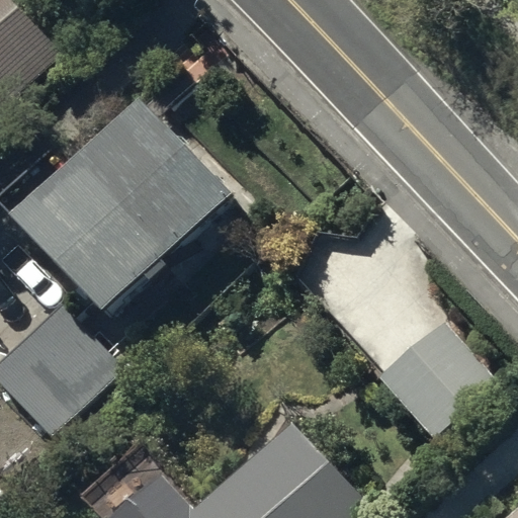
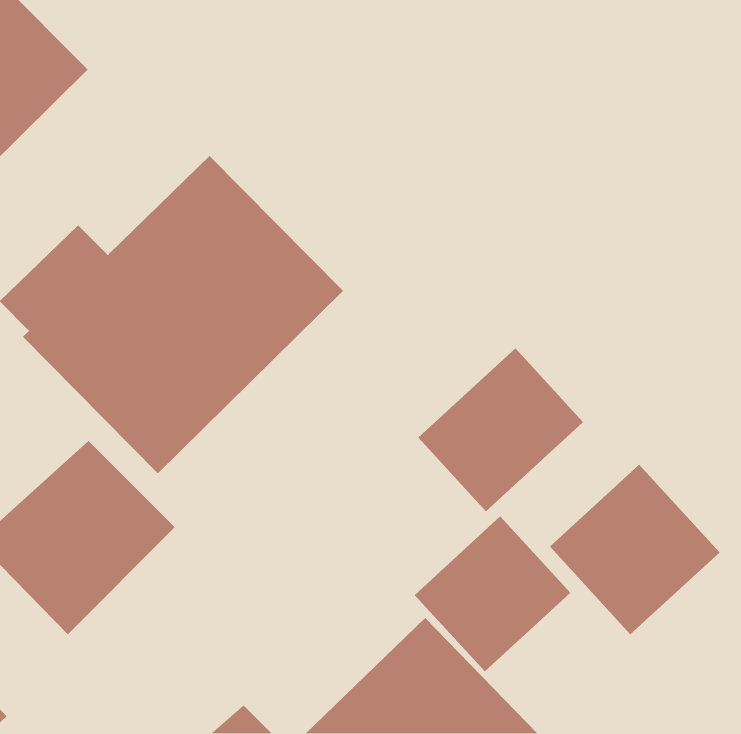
building: none -> [417,348,584,512]
building: none -> [414,516,571,672]

